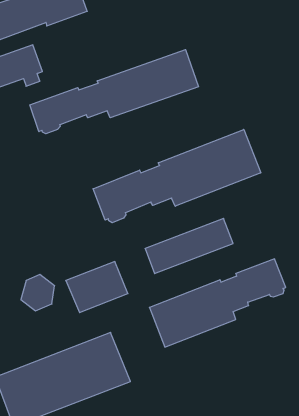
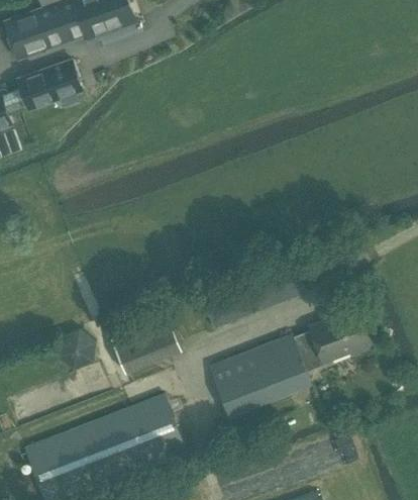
building: [30,50,199,134] -> none
building: [93,129,261,223] -> none

